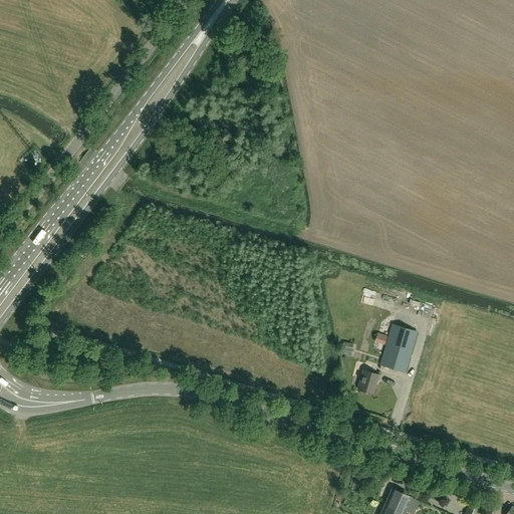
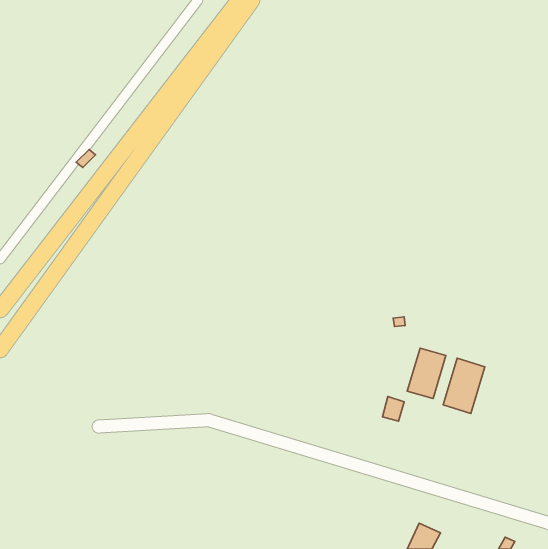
building: none -> [443,358,485,413]

